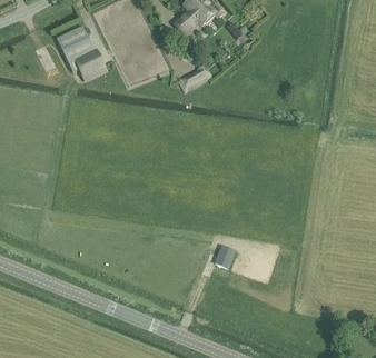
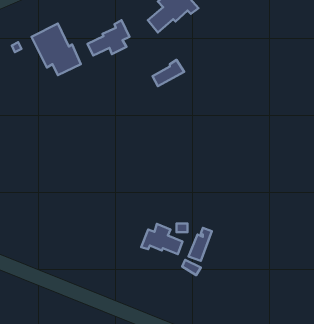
building: none -> [87,20,129,56]
building: none -> [141,224,183,254]

